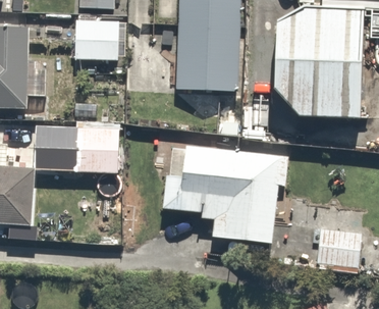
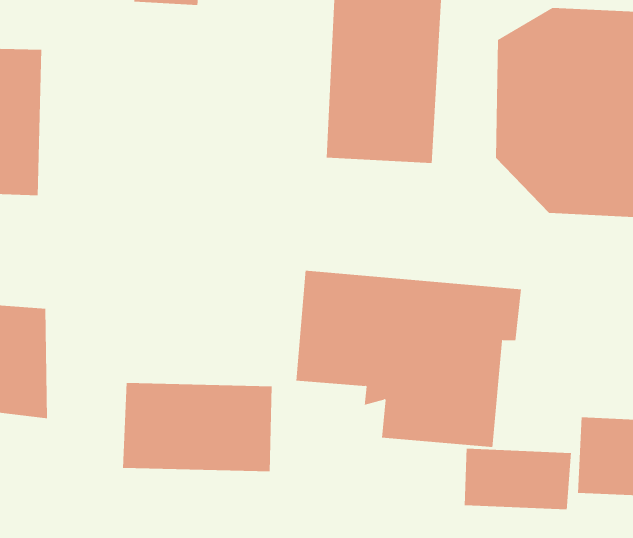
building: [74,14,113,57] -> none
building: [34,119,114,167] -> [122,382,272,472]
building: none -> [464,448,572,510]

